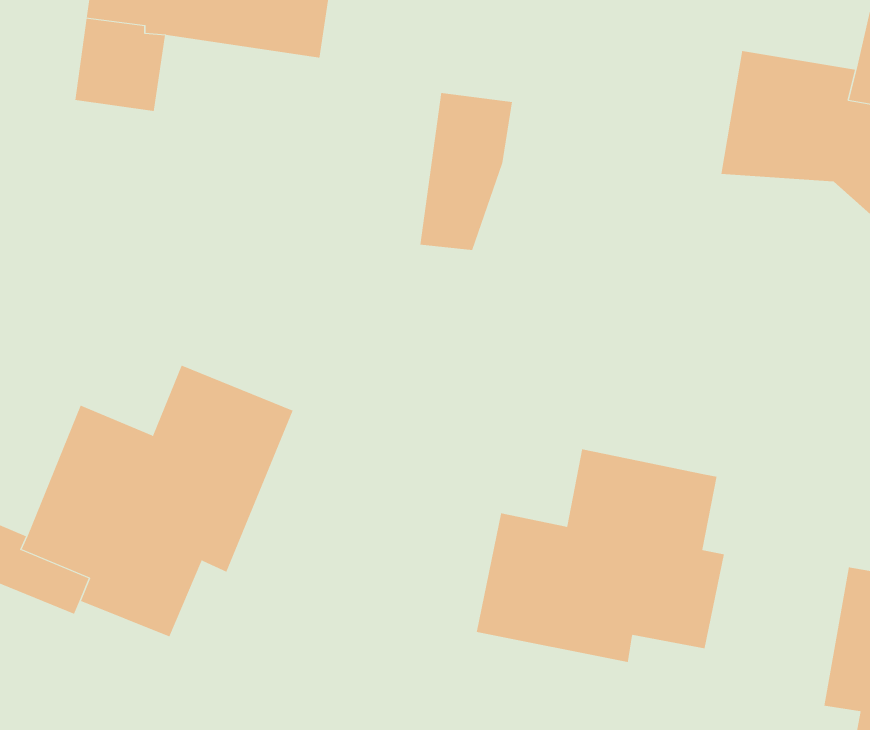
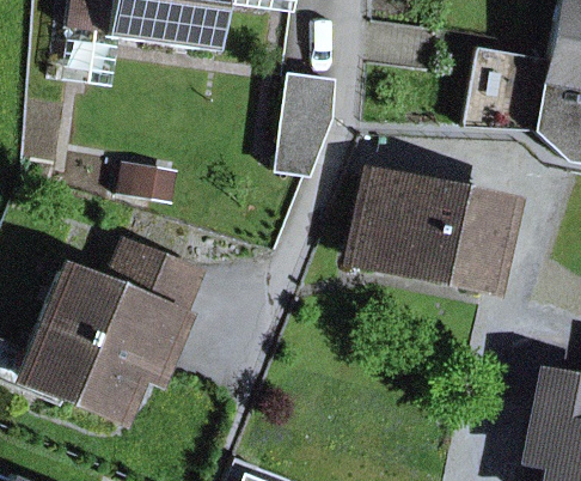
building: none -> [356,175,508,285]
building: [476,448,724,663] -> none

